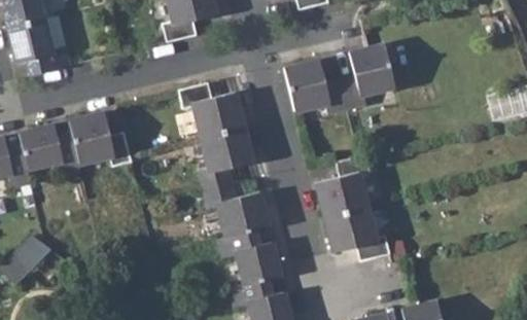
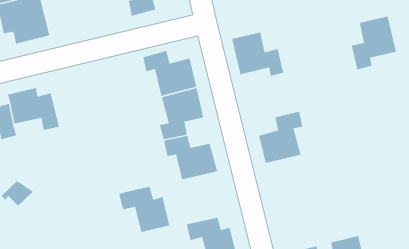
building: [341,44,395,109] -> [351,16,397,70]
building: [70,113,133,168] -> none
building: [325,206,391,260] -> none
building: [219,228,281,284] -> [118,186,170,233]

